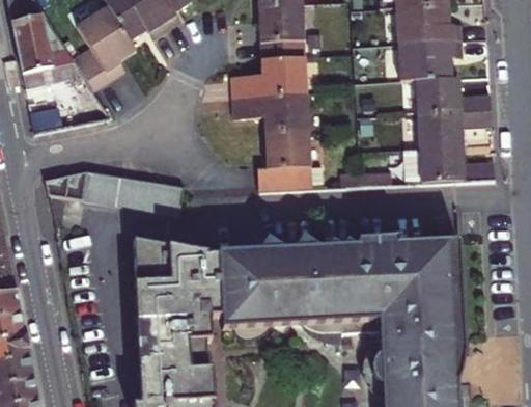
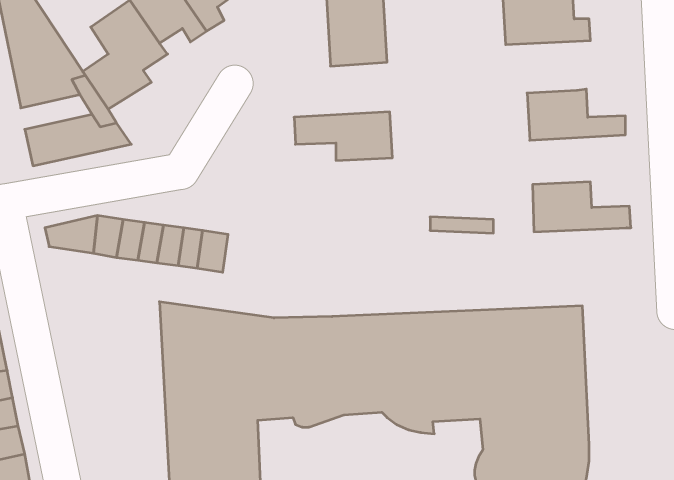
building: [397,34,463,76] -> none
building: [233,51,308,93] -> none
building: [416,107,491,145] -> none
building: [259,125,311,188] -> none

